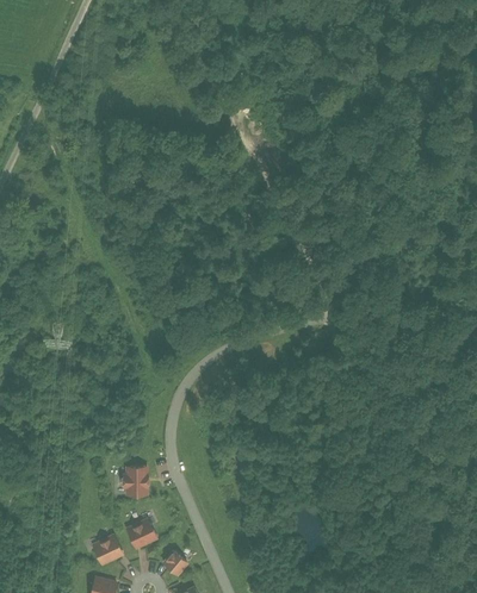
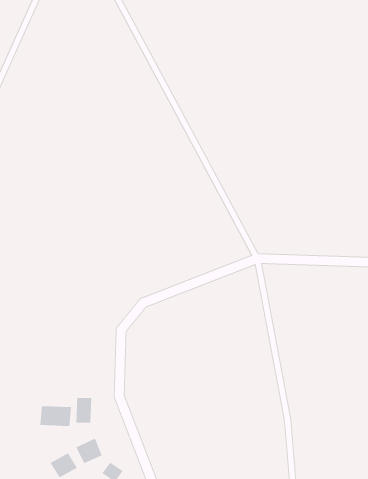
building: none -> [40,405,71,427]

